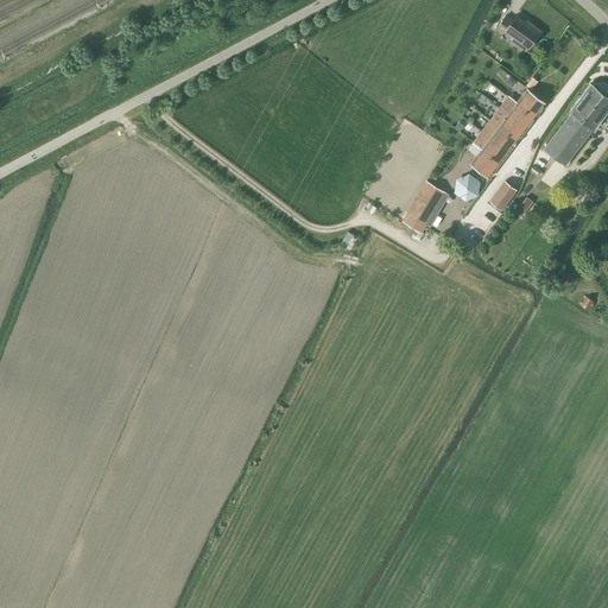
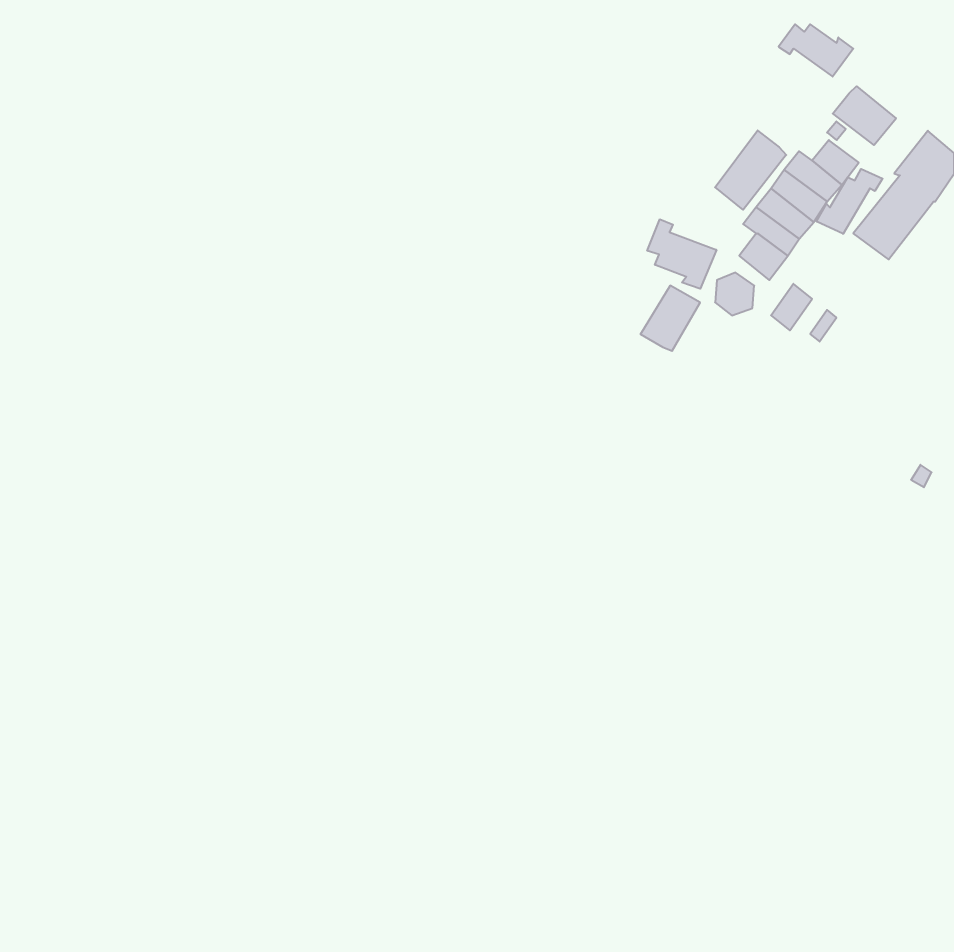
building: none -> [833,86,896,145]
building: none -> [715,130,786,210]
building: none -> [817,169,883,234]
building: none -> [647,219,716,289]

